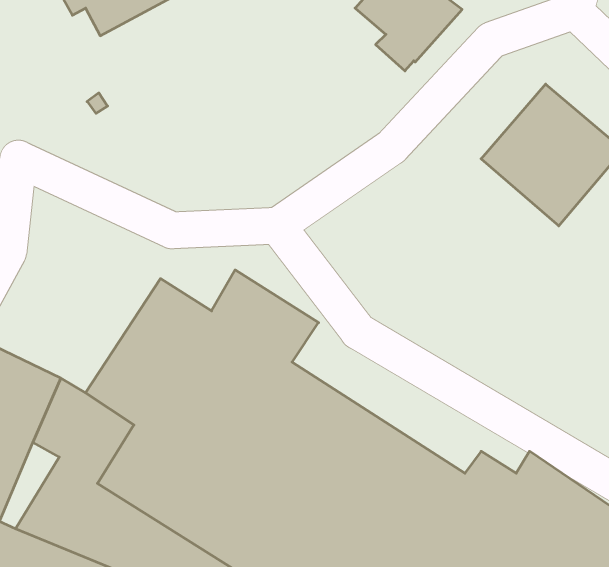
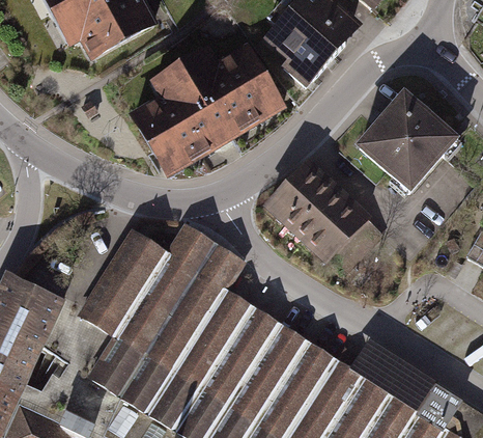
building: none -> [135,49,279,170]
building: none -> [267,161,369,263]

